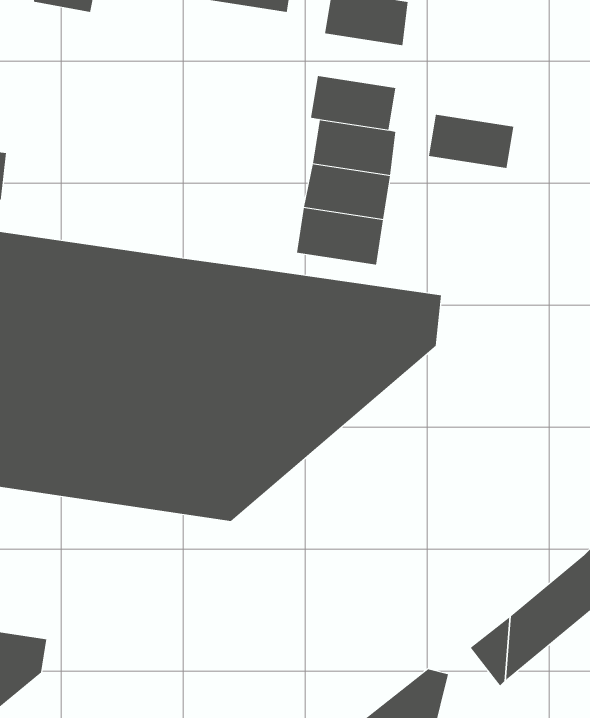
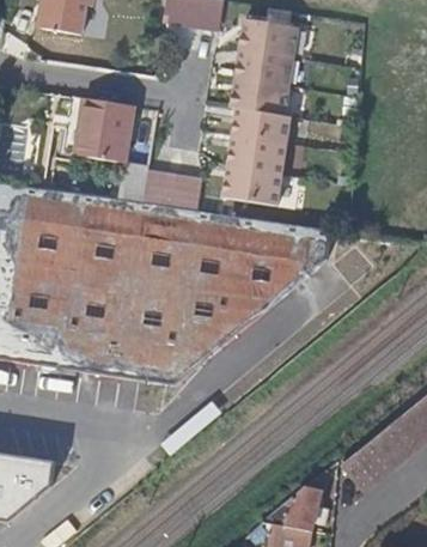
building: none -> [72,97,132,163]
building: [428,114,514,169] -> [236,49,294,86]
building: none -> [144,164,202,209]

